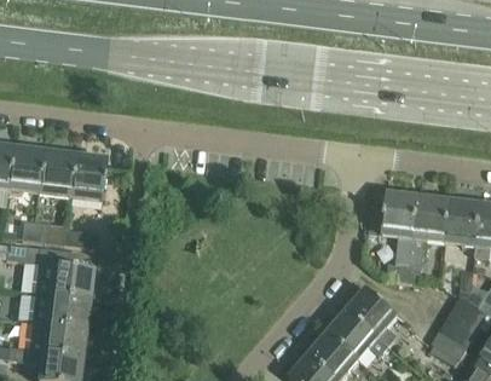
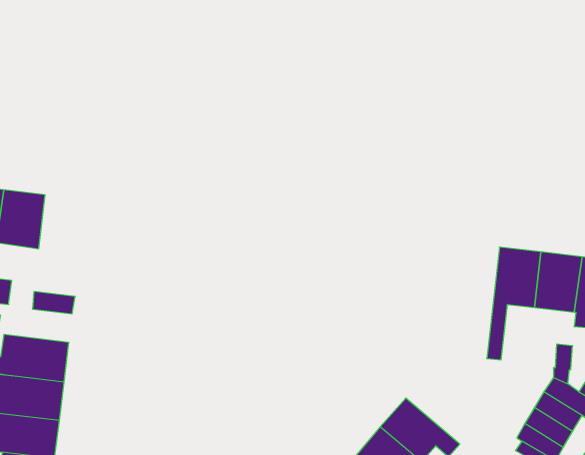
building: [68,154,104,198] -> none
building: [382,190,418,278] -> none
building: [347,285,398,344] -> none

